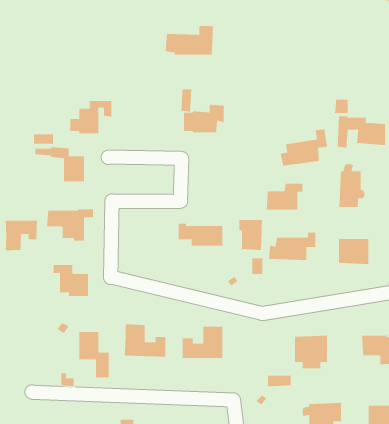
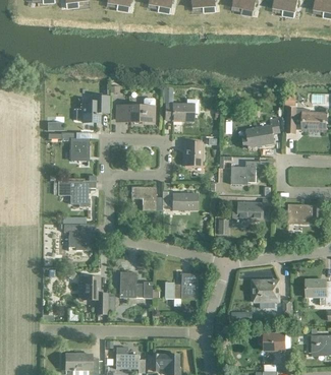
building: [165,26,214,55] -> [115,99,154,122]
building: [339,163,365,208] -> none
building: none -> [130,187,161,210]
building: [238,219,263,250] -> [182,142,202,167]
building: [5,220,38,251] -> none

